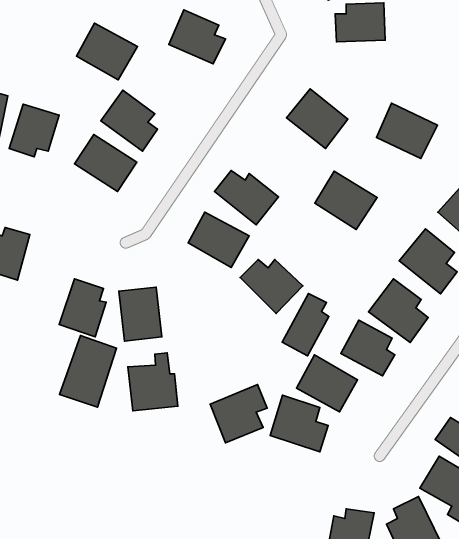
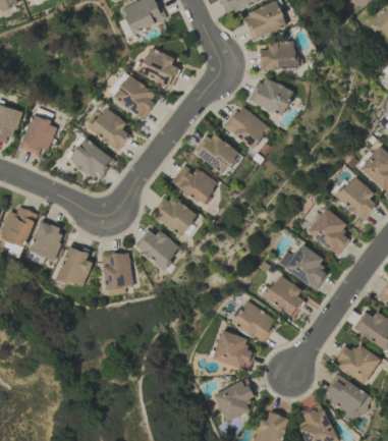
building: [76,23,138,80] -> [113,75,158,117]
building: [376,103,437,158] -> [250,75,294,116]
building: [315,171,377,229] -> [193,131,239,174]
building: none -> [30,222,65,260]
building: [240,259,303,313] -> [134,230,180,270]
building: [282,294,329,356] -> none
building: [59,336,116,407] -> none
building: [128,353,178,411] -> none
building: [210,385,267,443] -> [213,379,255,422]

